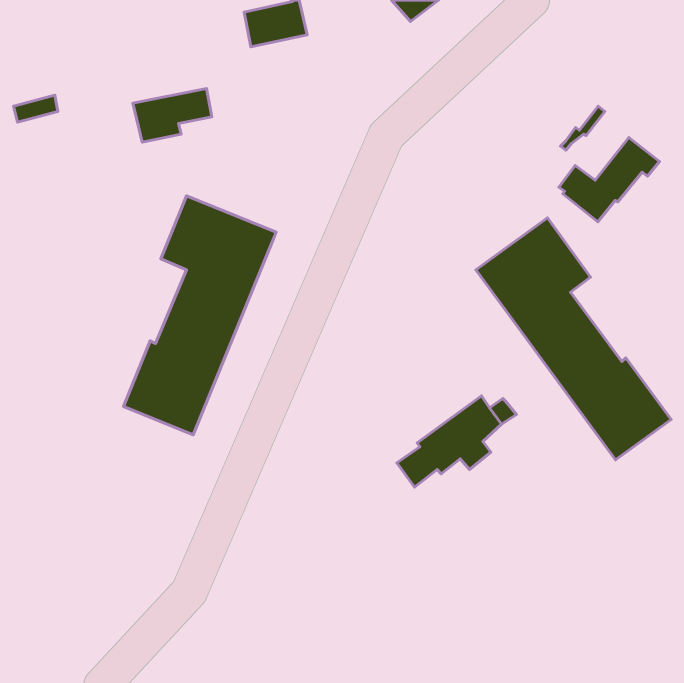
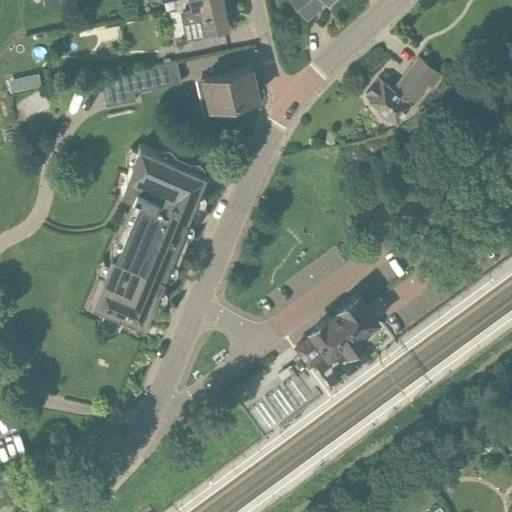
building: none -> [205,68,259,109]
building: [559,137,660,222] -> [367,59,442,122]
building: [476,218,671,460] -> none

